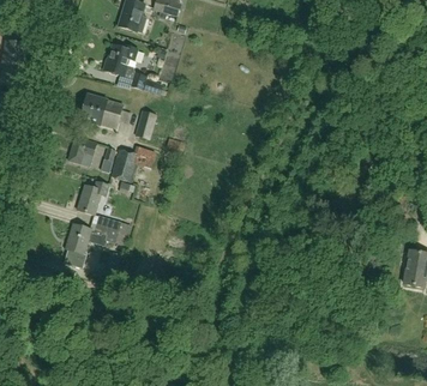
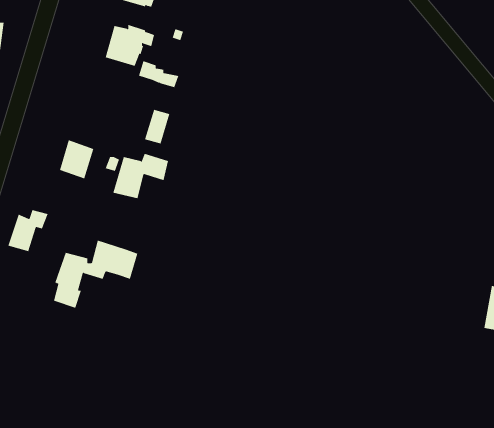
building: [79,92,122,127] -> none
building: [77,180,109,213] -> [8,209,49,252]

